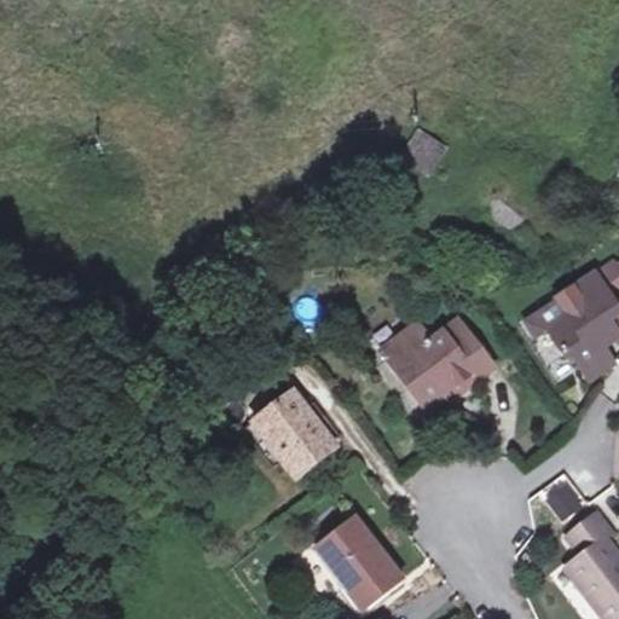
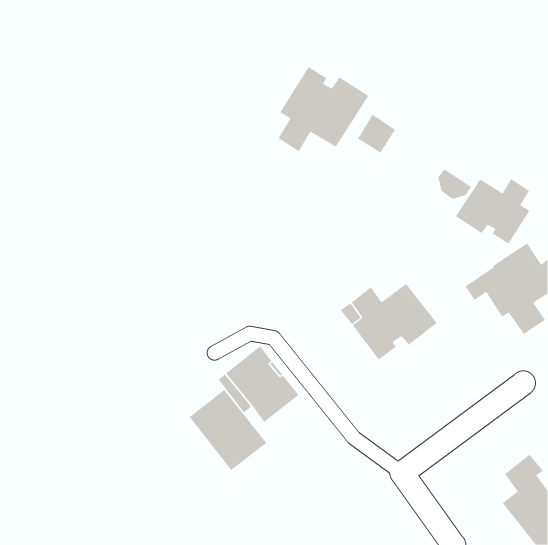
building: none -> [278,66,369,152]
building: none -> [455,178,530,244]
building: [316,516,404,608] -> [189,389,267,471]

